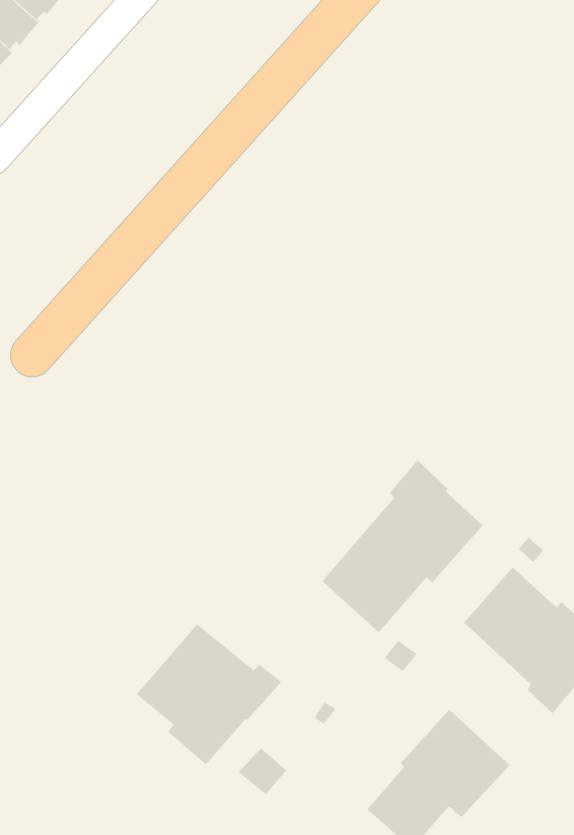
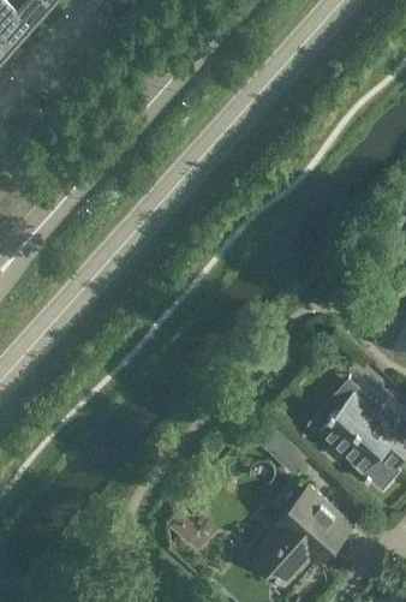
building: [322,460,483,633] -> none
building: [136,624,282,765] -> none

